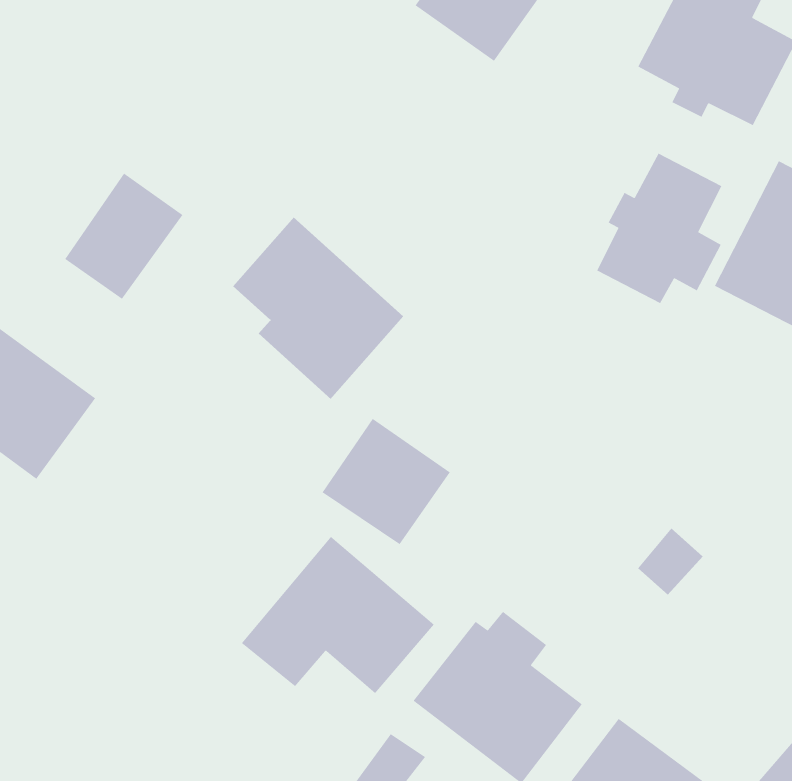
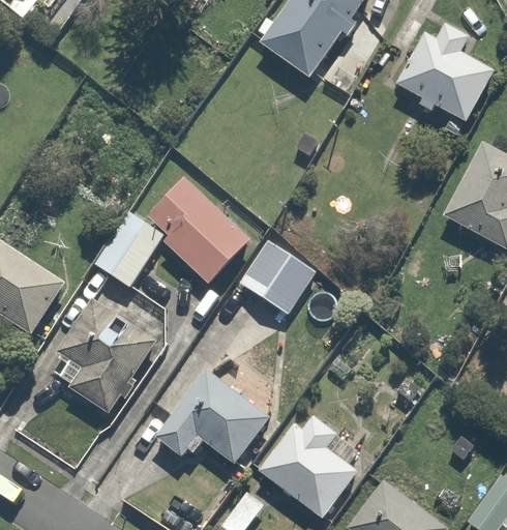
building: [596,152,723,304] -> none
building: [64,172,183,300] -> [92,210,165,288]
building: none -> [55,294,158,411]
building: [322,418,451,545] -> [238,237,317,315]

